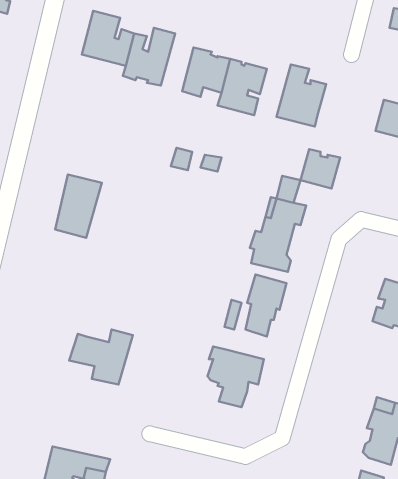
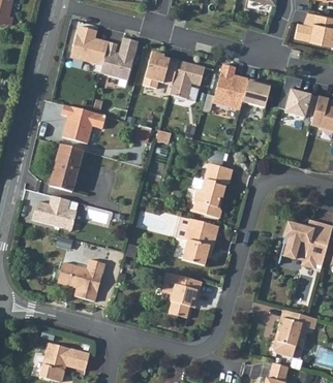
building: none -> [59,105,103,145]
building: [301,149,340,189] -> [241,79,270,108]
building: none -> [31,195,75,230]

